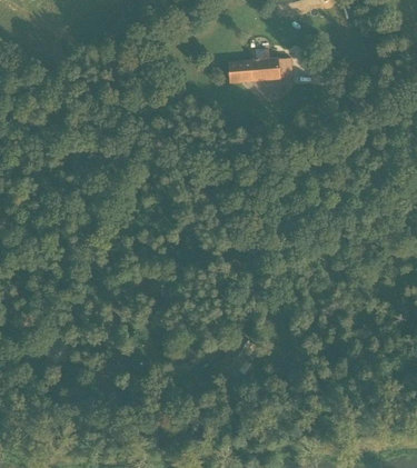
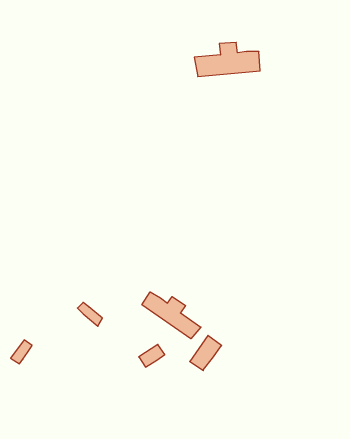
building: none -> [142,292,201,339]

